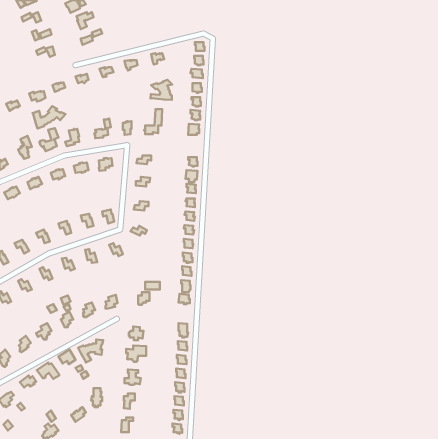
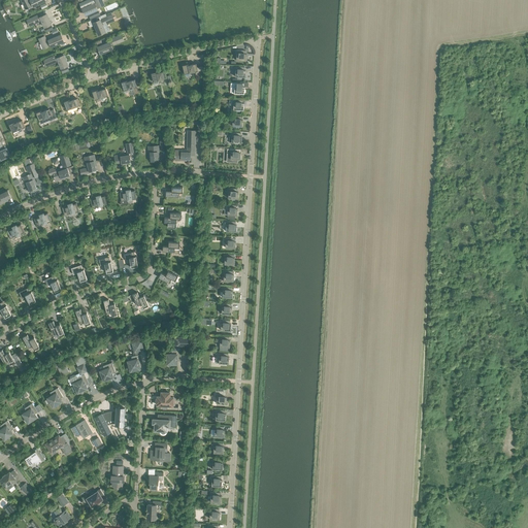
building: [151,80,172,100] -> none
building: [33,106,66,129] -> none

